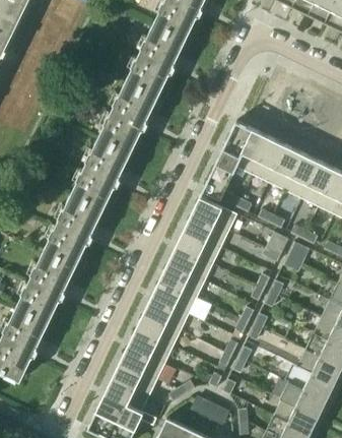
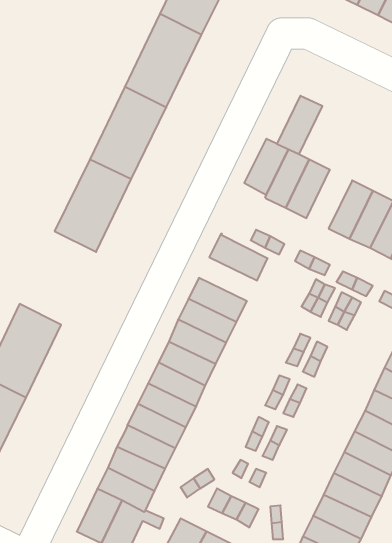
building: [267,145,302,191] -> [277,96,322,154]
building: [202,155,235,199] -> none
building: [43,193,102,266] -> none
building: [183,213,228,248] -> none

